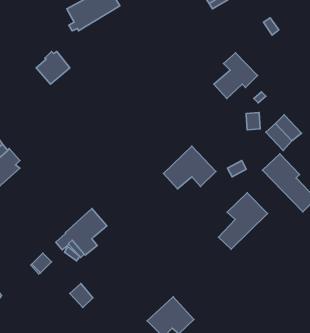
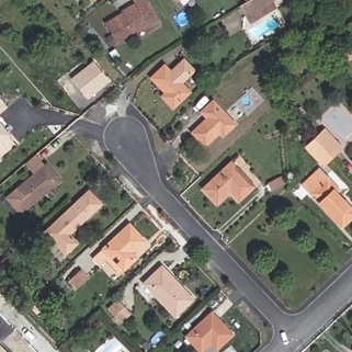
building: none -> [150,59,192,109]
building: [214,53,257,98] -> [191,101,235,147]
building: none -> [44,190,102,254]
building: [219,193,268,249] -> none
building: none -> [144,266,193,317]

